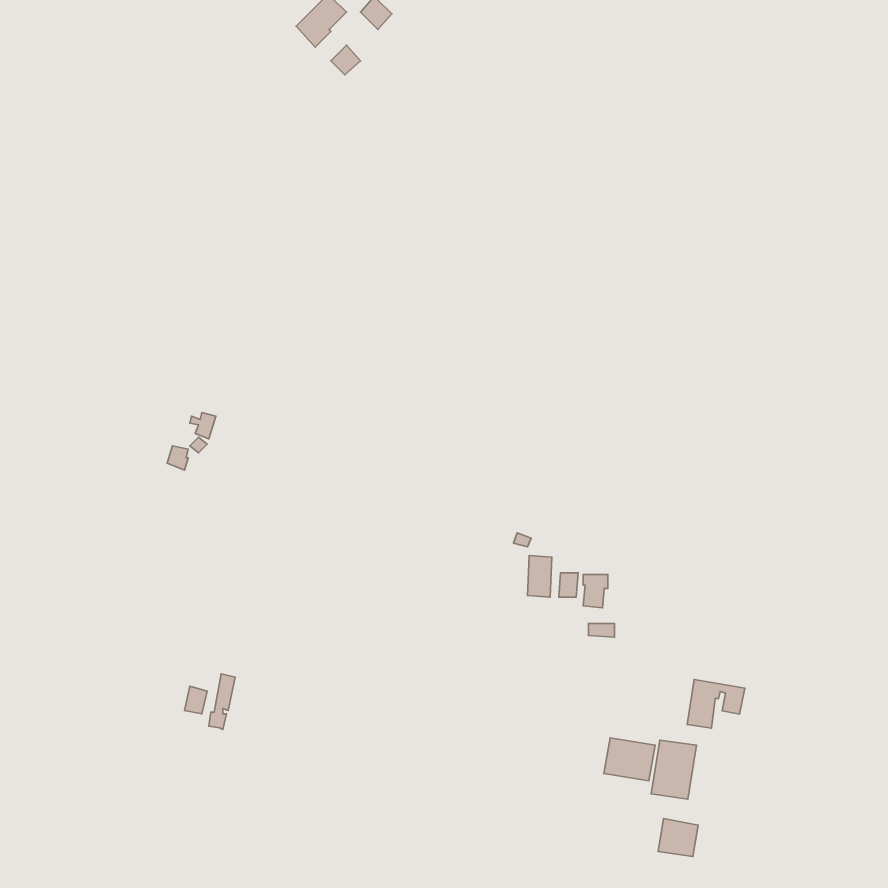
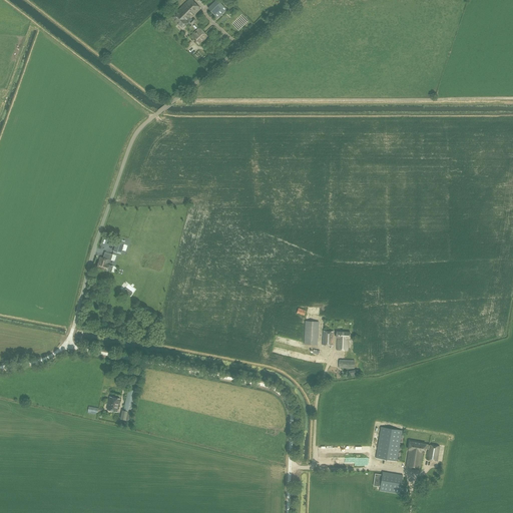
building: [687,679,745,728] -> [406,440,439,468]
building: [604,738,655,781] -> none

